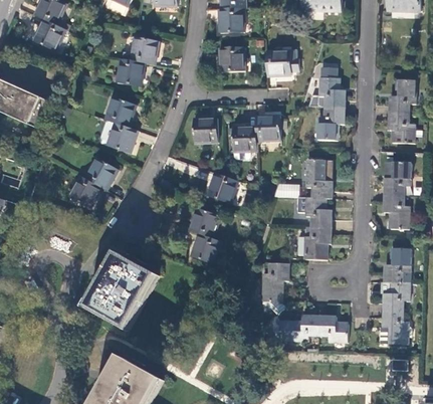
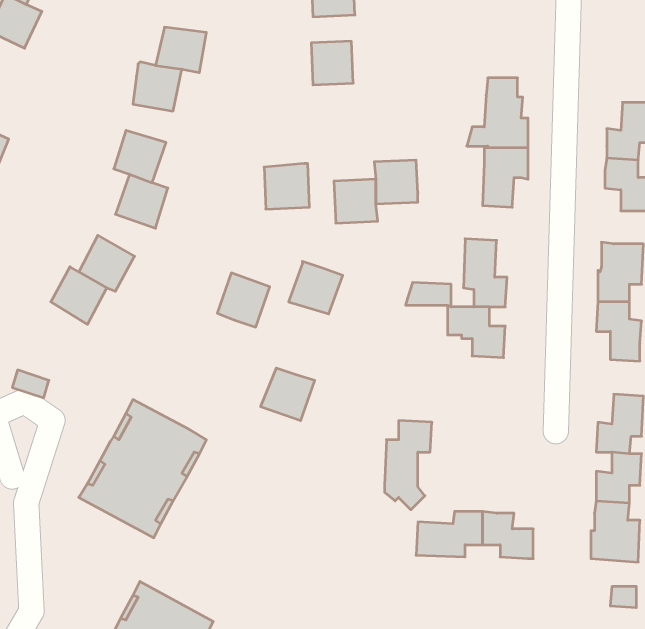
building: [265,47,298,73] -> none
building: [189,206,219,237] -> [217,273,270,327]
building: [297,226,330,260] -> none

